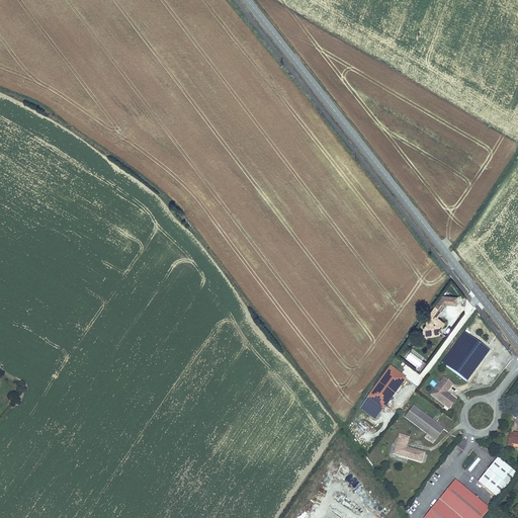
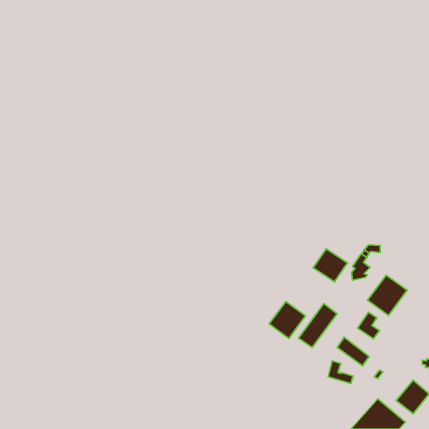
building: none -> [313,249,347,282]
building: none -> [269,301,305,338]

